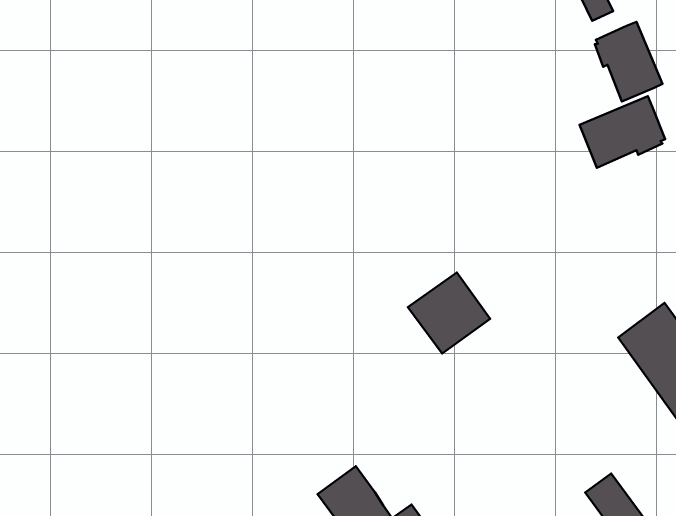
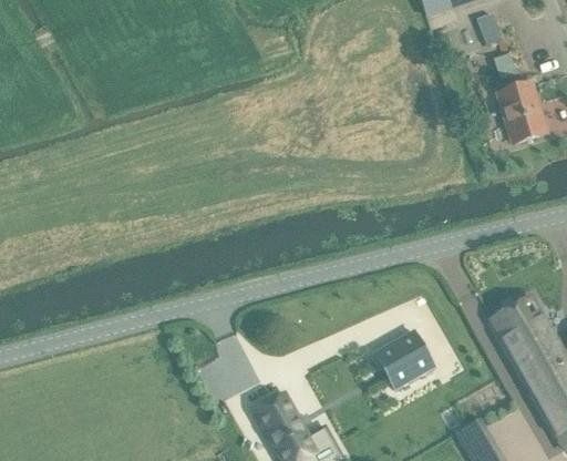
building: [580,96,665,168] -> none
building: [408,272,490,353] -> [373,330,434,390]

